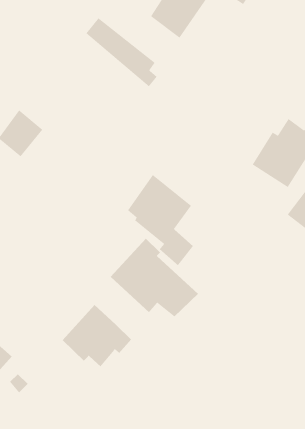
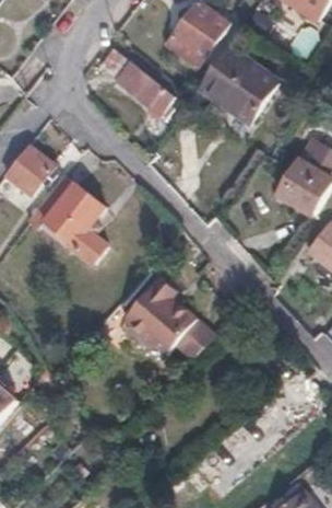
building: none -> [200,41,281,119]
building: [127,174,194,266] -> [37,174,106,269]
building: [62,304,132,367] -> none

